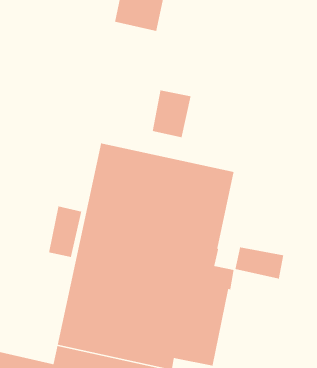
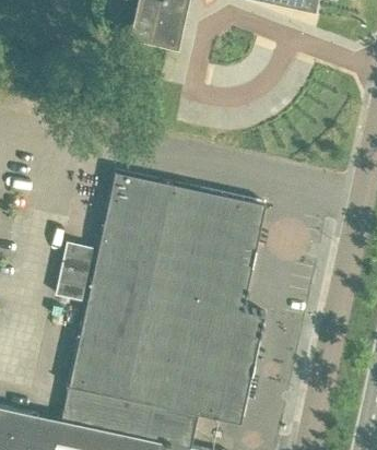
building: [152,90,191,138] -> none
building: [235,246,284,279] -> none

